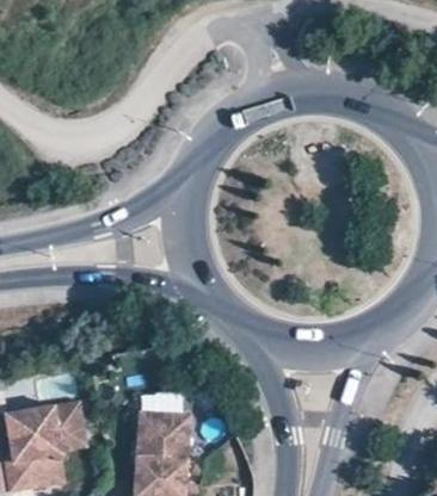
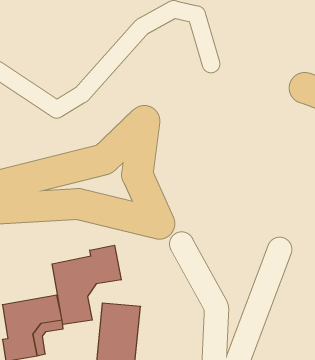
building: none -> [52,245,121,324]

